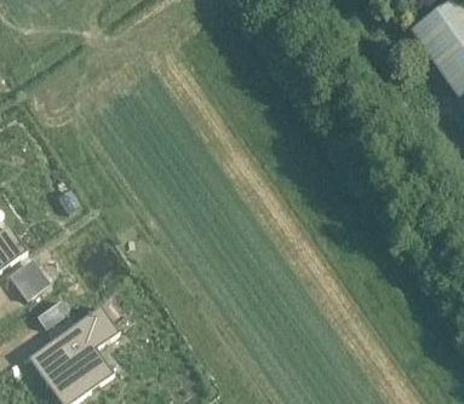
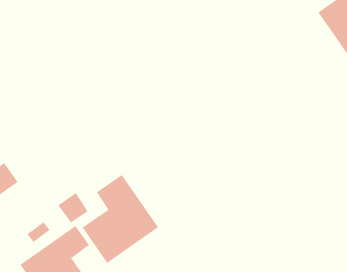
building: none -> [82,174,159,264]
building: [7,258,47,298] -> [58,192,89,223]

